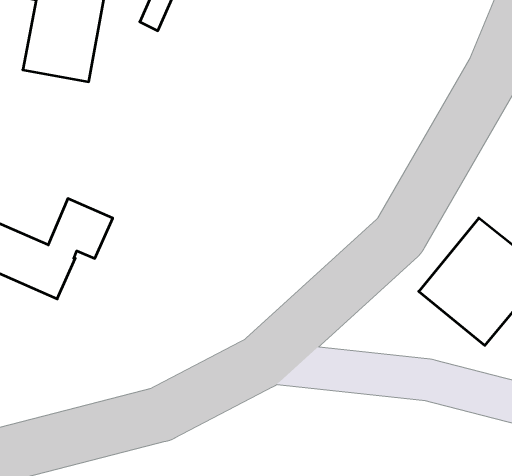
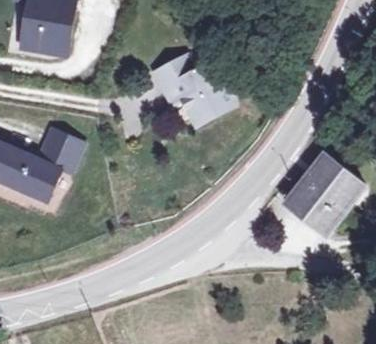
building: none -> [153,59,231,128]

